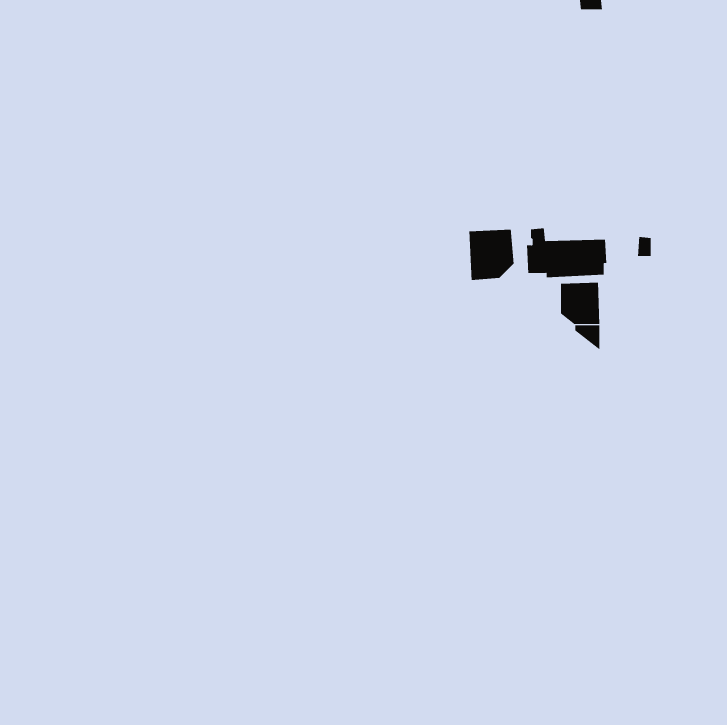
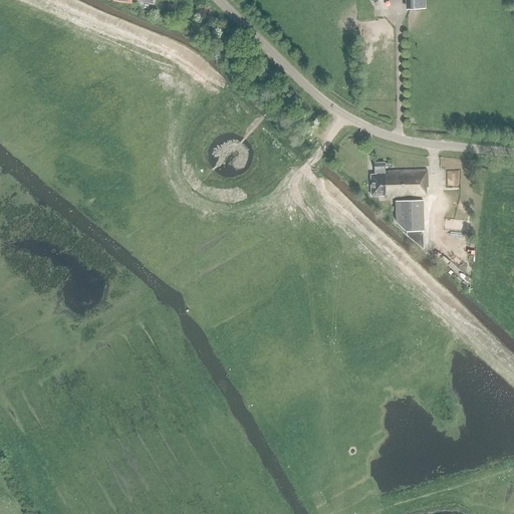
building: [469,229,514,281] -> none

